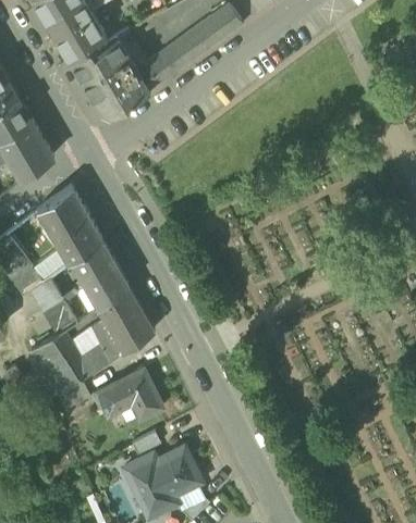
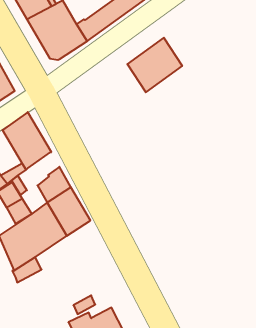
building: none -> [127,38,182,92]
building: [71,239,113,284] -> none
building: [95,368,163,419] -> none

